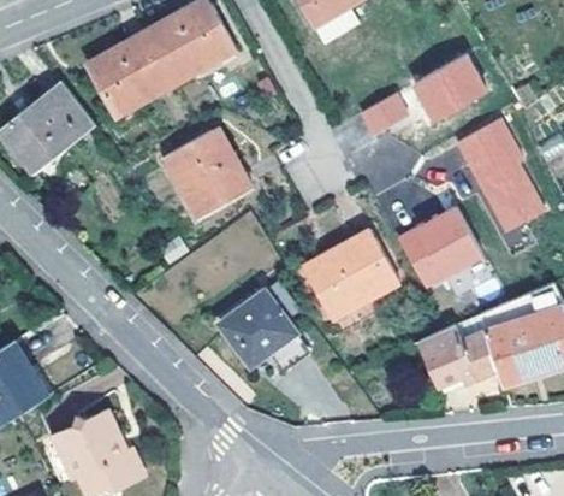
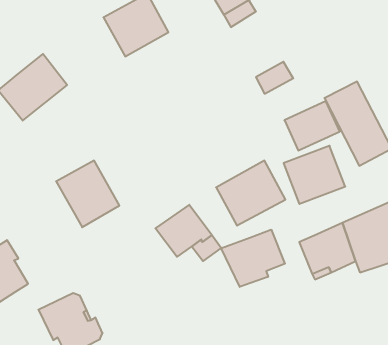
building: [85,30,176,117] -> none
building: [409,55,486,124] -> [284,101,340,151]
building: [164,126,251,219] -> [56,161,119,227]
building: none -> [221,230,285,287]

